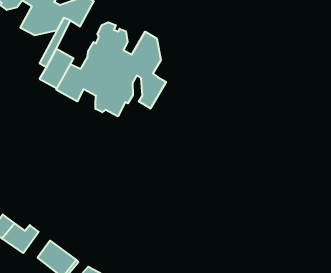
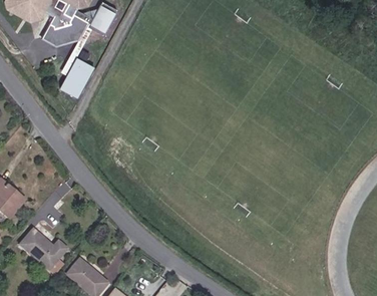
building: [56,22,166,116] -> none

